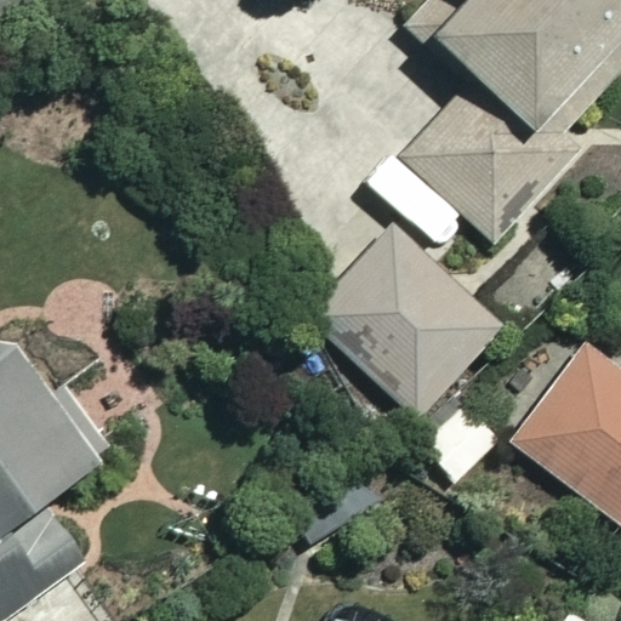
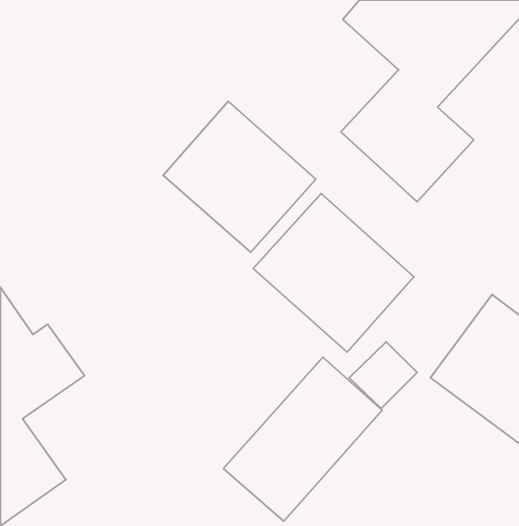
building: none -> [163,101,316,252]
building: none -> [224,357,382,521]

